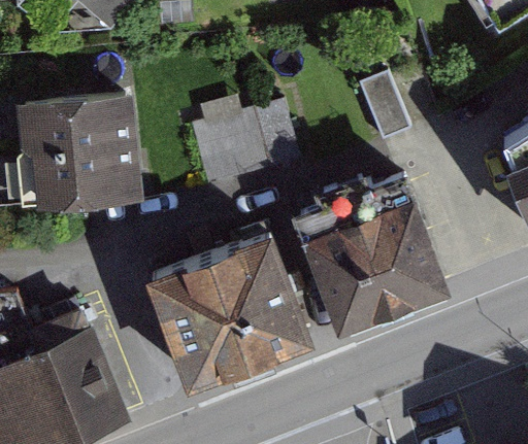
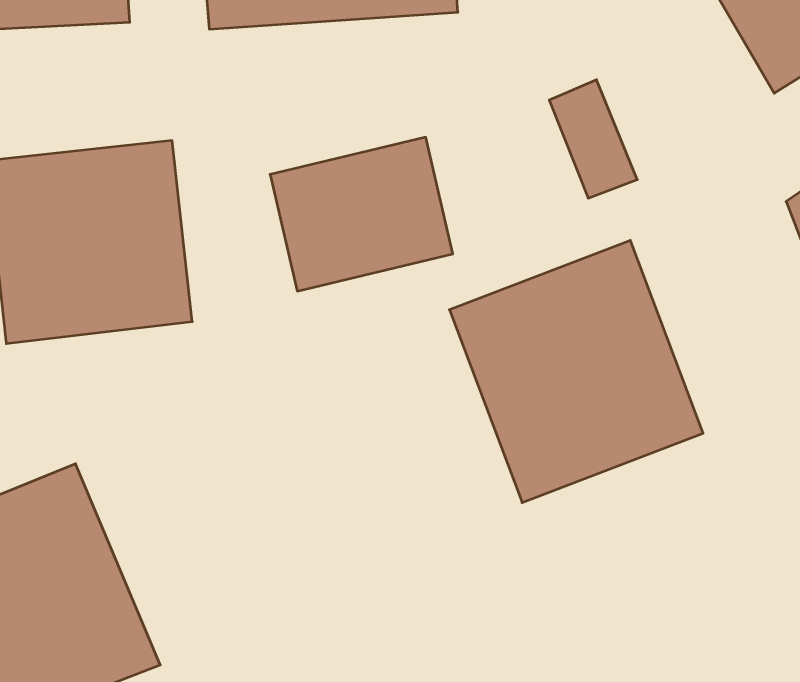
building: [155,219,312,373] -> none

